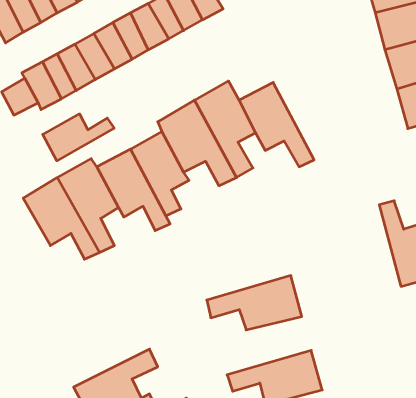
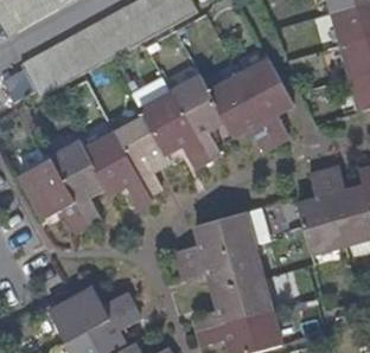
building: none -> [240,57,293,141]
building: [43,114,114,161] -> none
building: none -> [304,180,351,261]
building: none -> [178,213,255,263]
building: none -> [196,277,273,328]
building: none -> [49,288,132,339]

